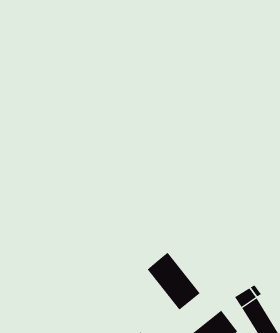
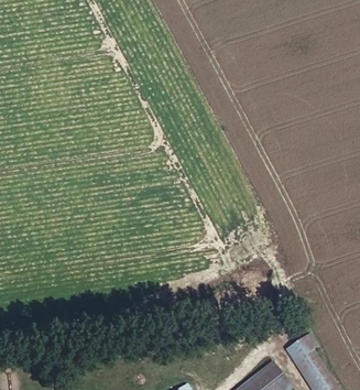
building: [147,252,201,310] -> none

